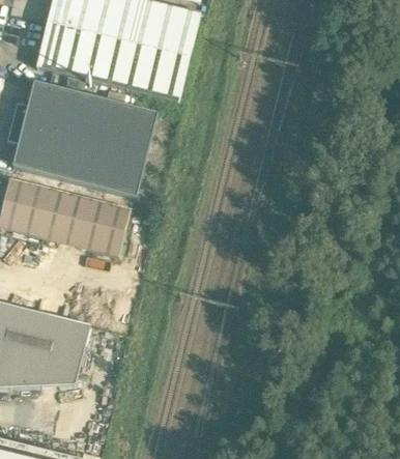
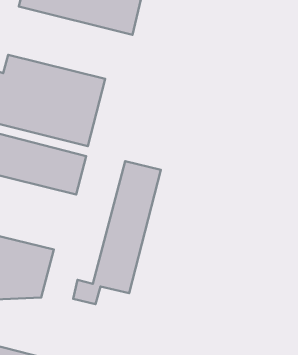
building: [35,21,189,99] -> none
building: none -> [73,161,161,304]

